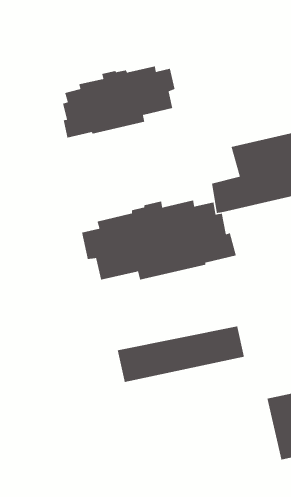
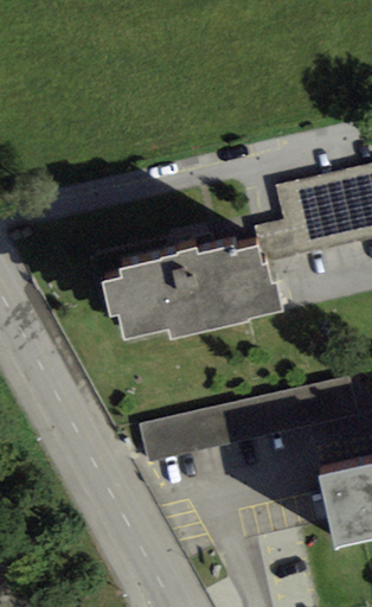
building: [62,65,176,139] -> none

